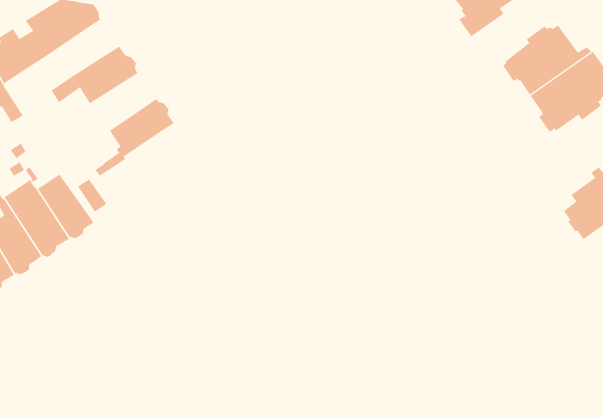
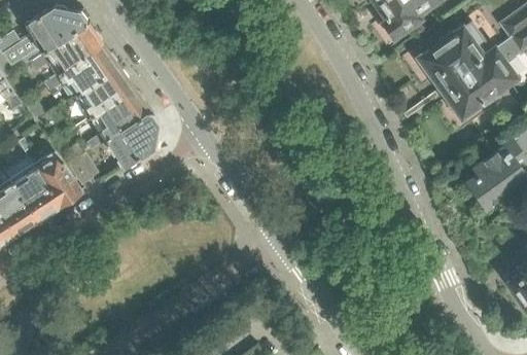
building: none -> [30,25,102,72]
building: none -> [72,69,133,129]
building: none -> [106,110,157,168]

